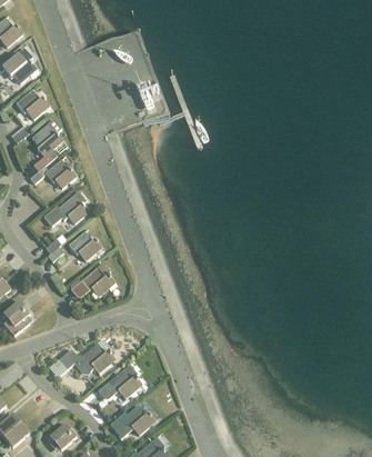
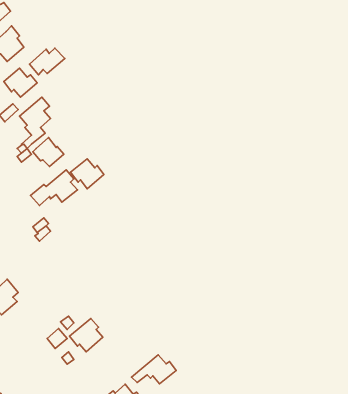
building: none -> [29,48,65,75]
building: [68,230,101,260] -> [70,159,104,189]
building: [69,262,114,296] -> none
building: [97,368,141,397] -> [131,355,176,384]

